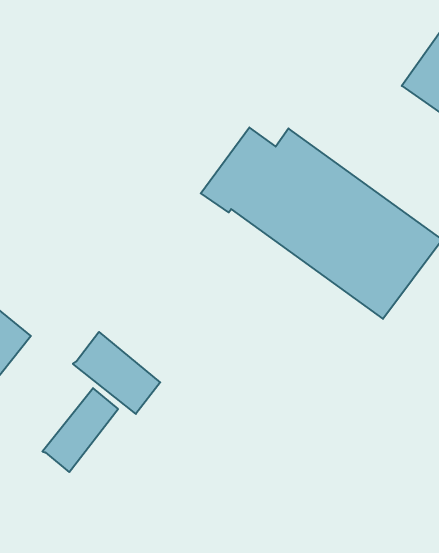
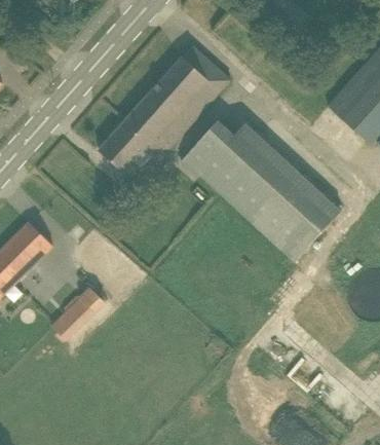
building: none -> [98,44,229,179]
building: [73,332,160,414] -> none

